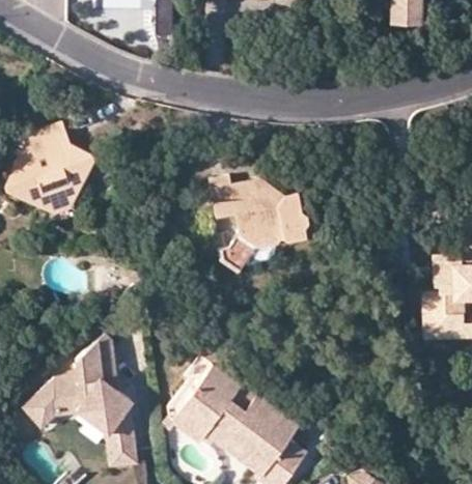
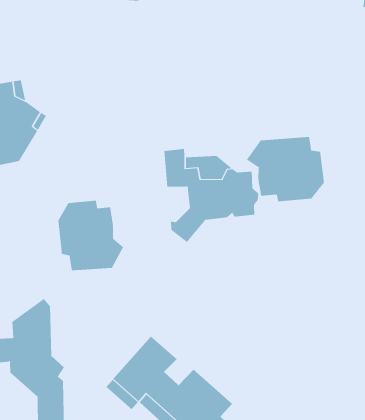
building: none -> [246,136,324,202]
building: none -> [58,200,124,271]

